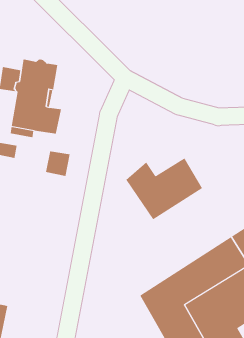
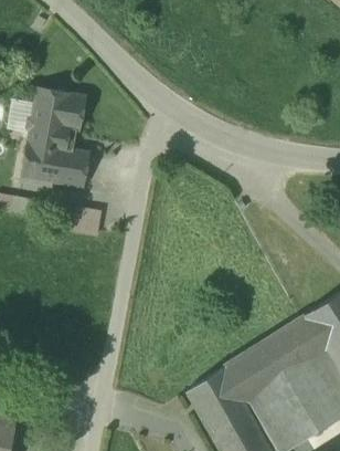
building: [125,157,203,220] -> none

